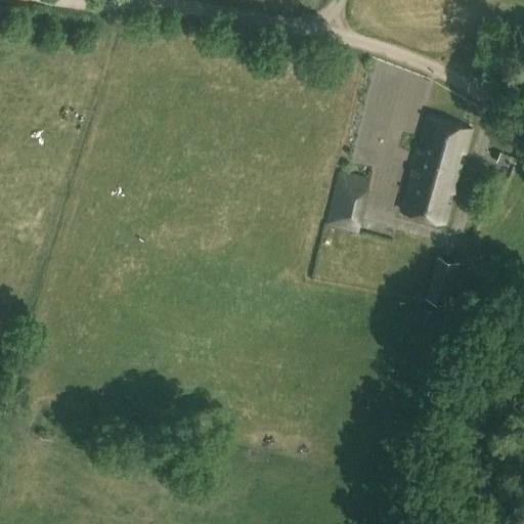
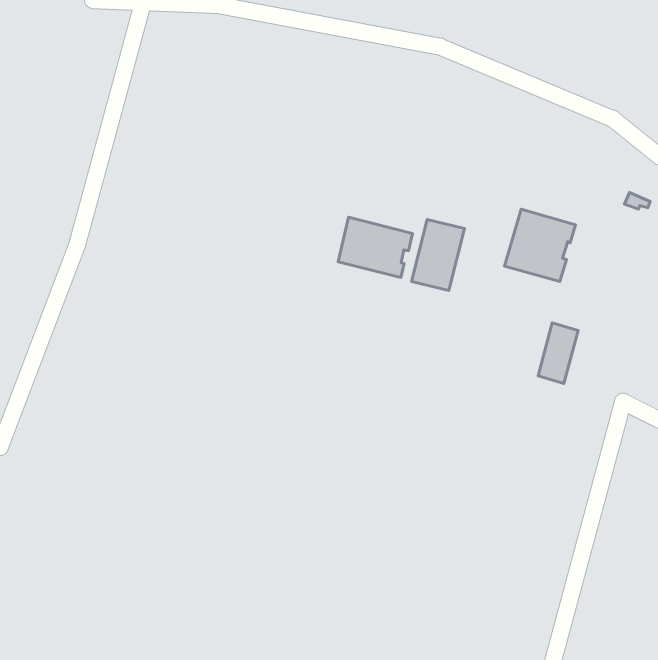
building: [414,118,472,178] -> none
building: none -> [338,217,413,277]

